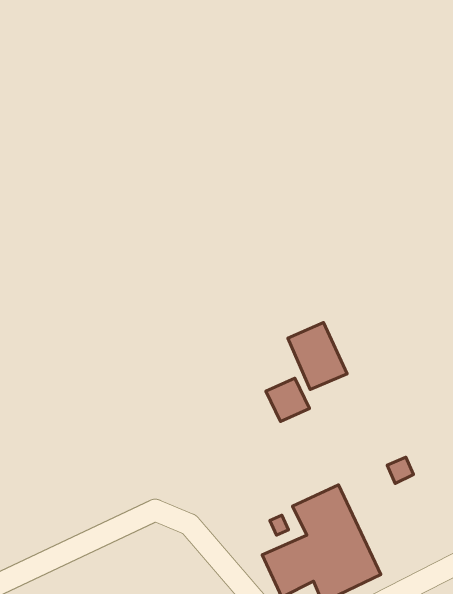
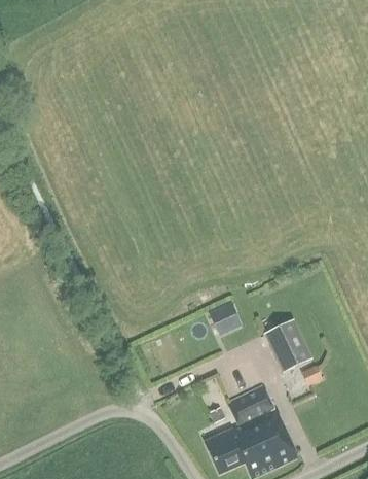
building: [288,322,347,390] -> [263,317,309,370]

